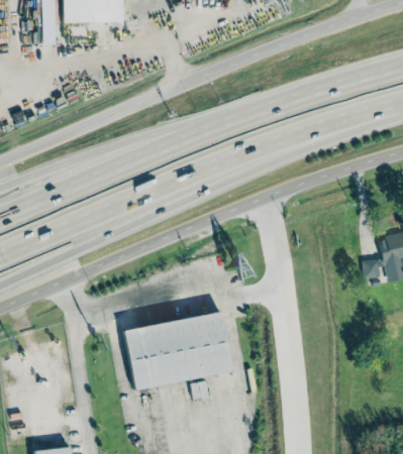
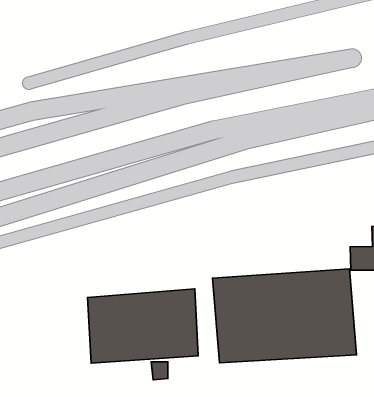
building: none -> [213,269,357,363]

